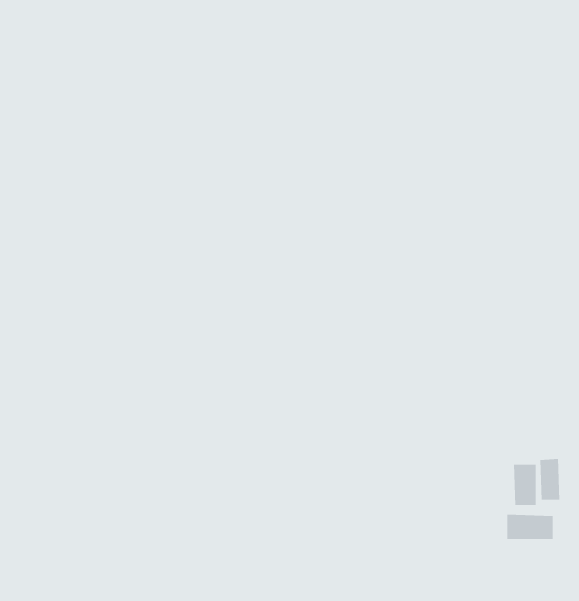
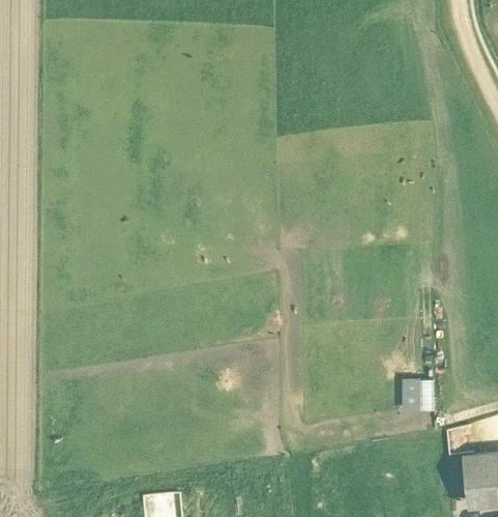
building: [507,514,553,540] -> none

